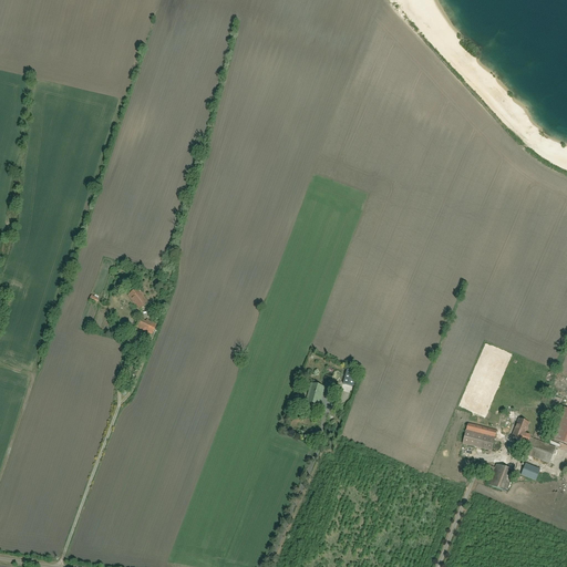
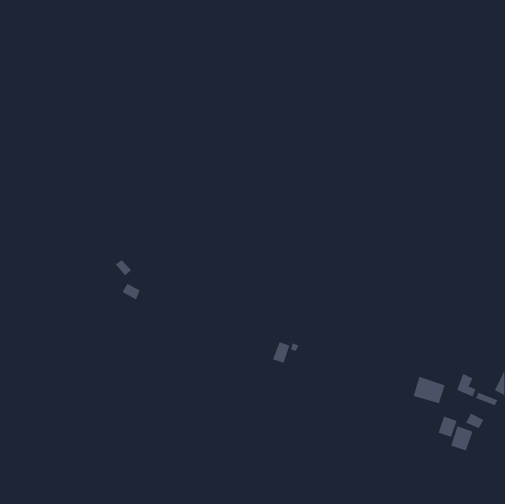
building: none -> [451,425,473,451]

